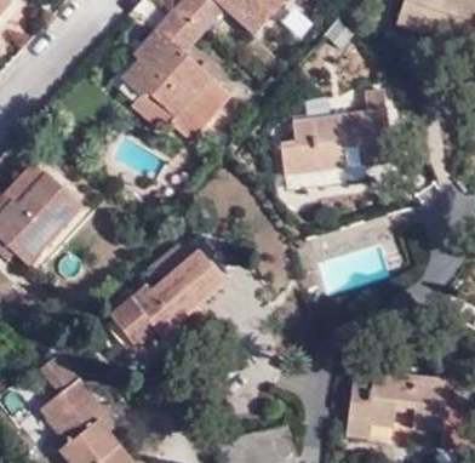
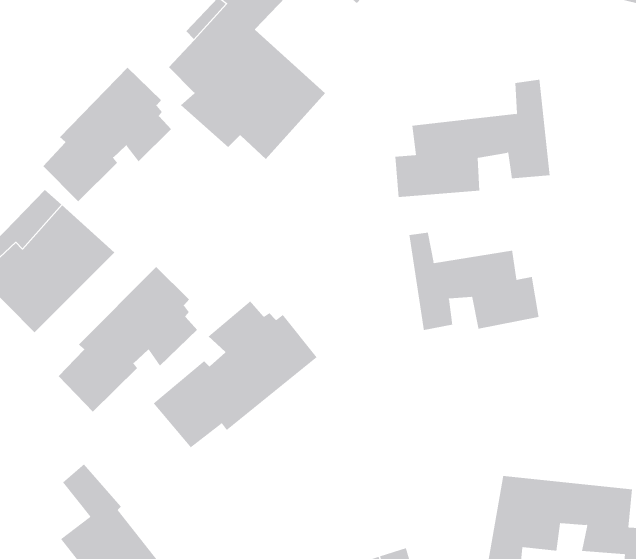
building: none -> [42,67,172,202]
building: none -> [409,232,539,331]
building: none -> [58,266,198,413]

